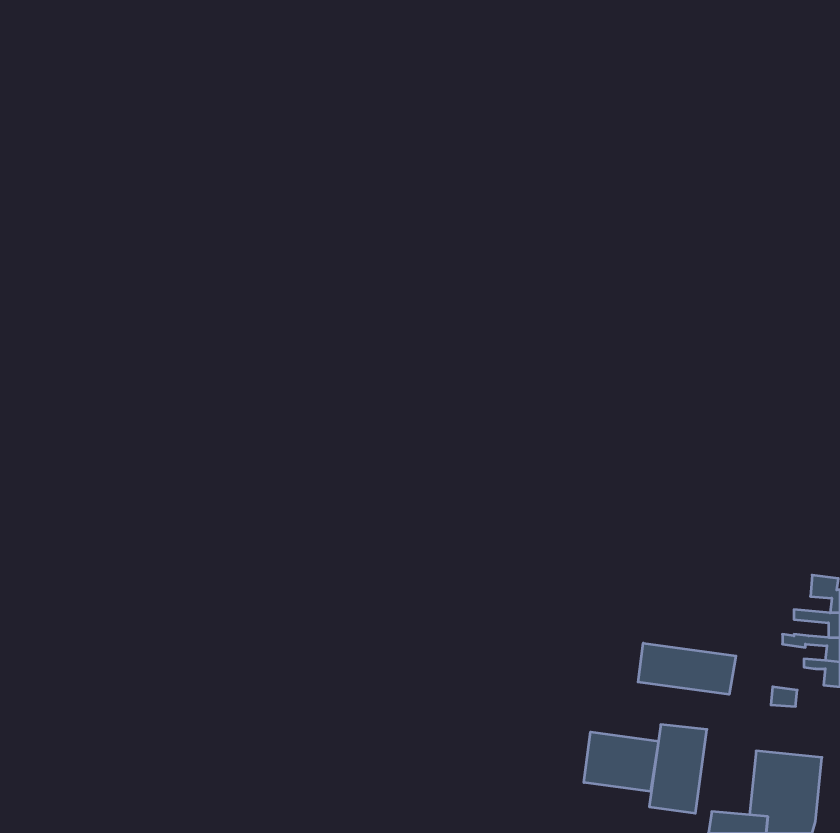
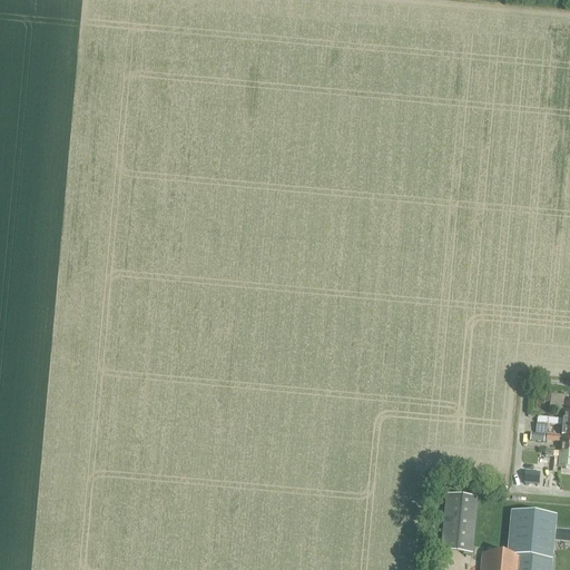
building: [638,643,736,694] -> none
building: [584,732,658,791] -> none

